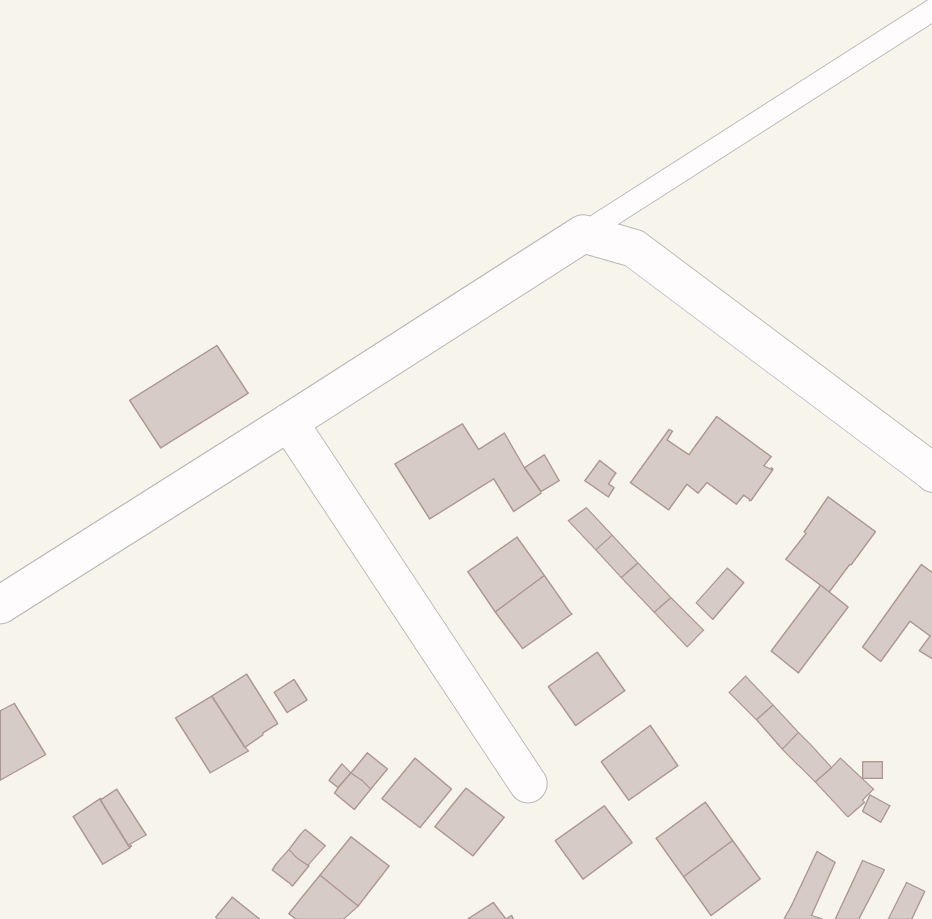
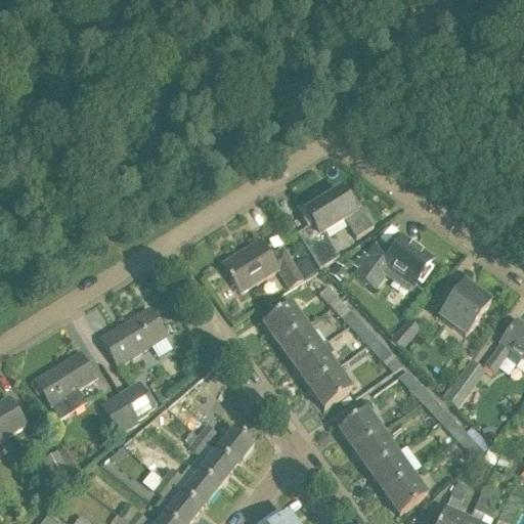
building: none -> [297,187,375,265]
building: [130,346,248,448] -> [100,306,167,363]
building: [771,585,848,673] -> [443,358,486,407]
building: none -> [294,338,336,385]
building: none -> [35,350,96,418]
building: [435,788,504,856] -> [198,447,236,485]
building: [555,806,632,879] -> [353,429,396,470]

